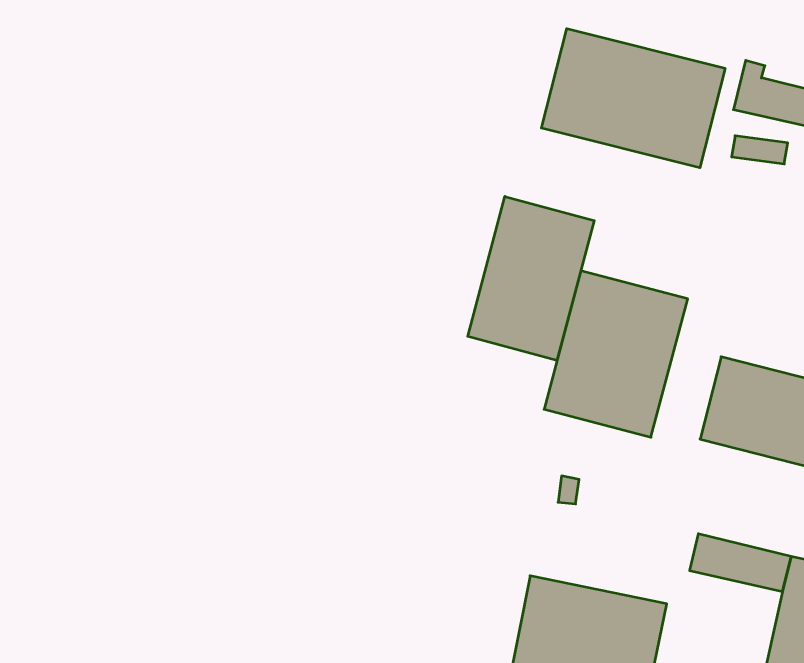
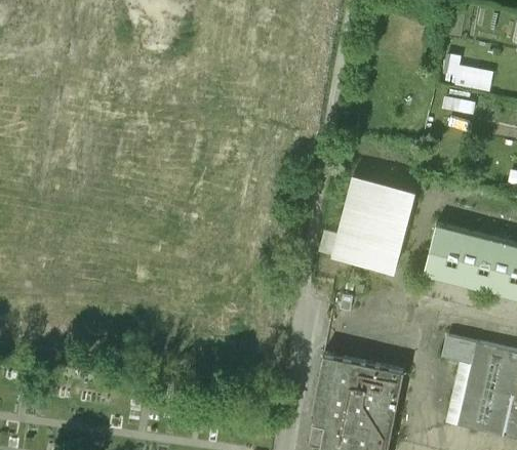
building: [541,29,725,168] -> none
building: [468,196,594,361] -> none

